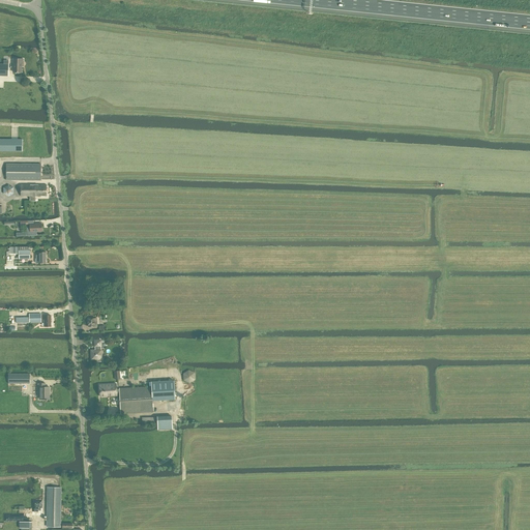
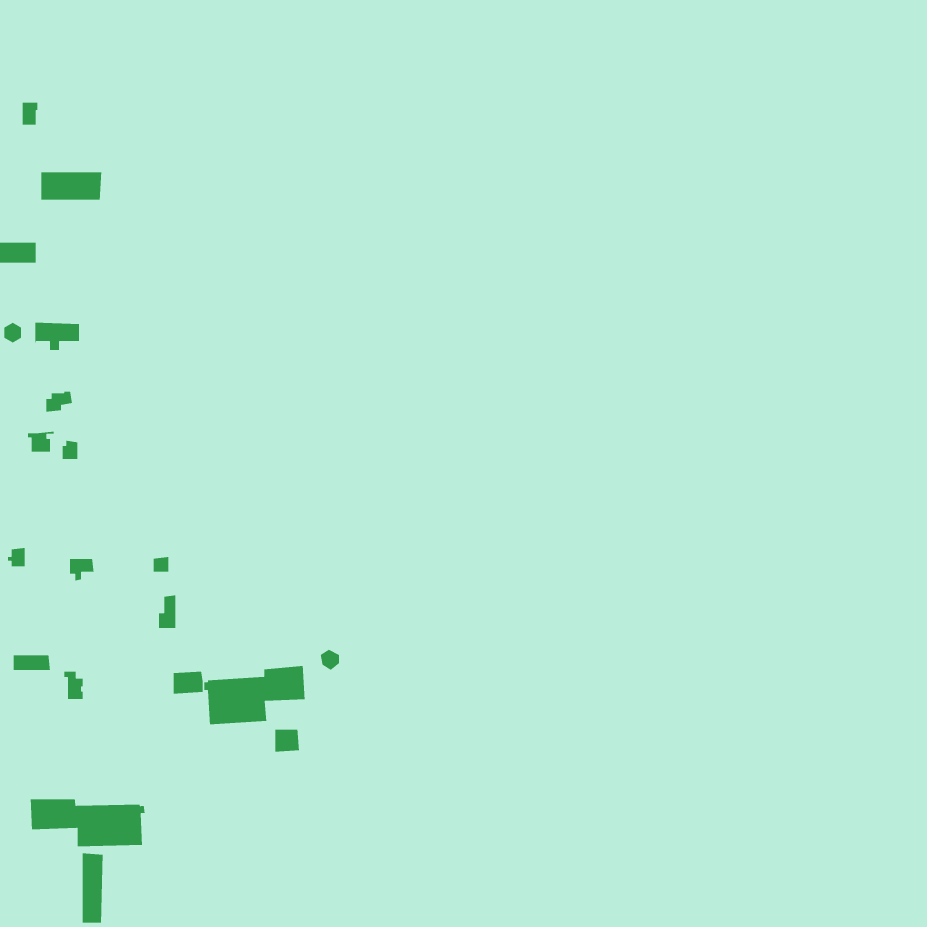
building: [5,163,40,179] -> [40,172,102,201]
building: none -> [30,798,145,847]

